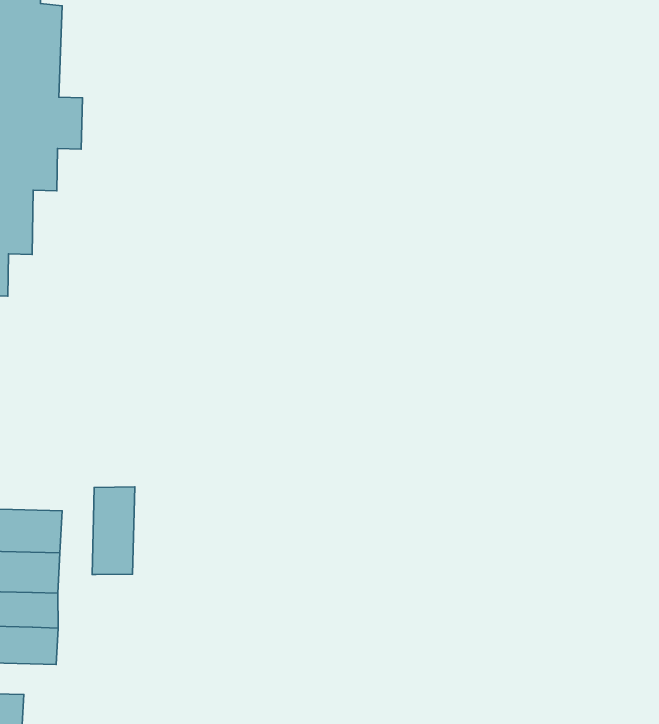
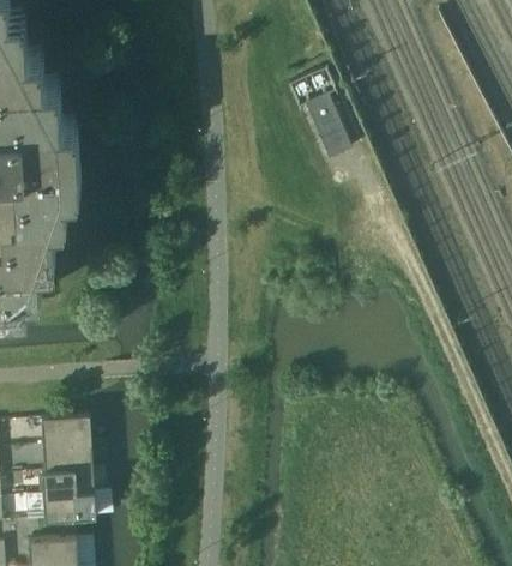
building: none -> [307,95,354,158]
building: [92,487,135,575] -> none

